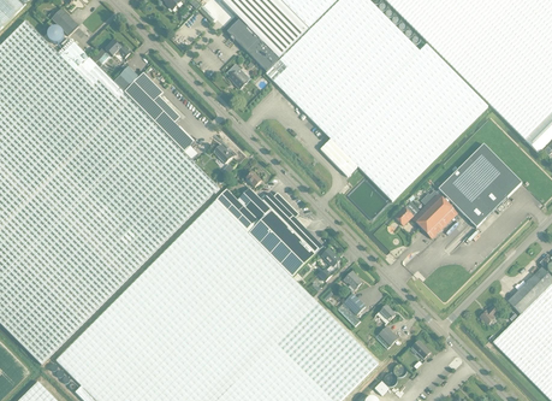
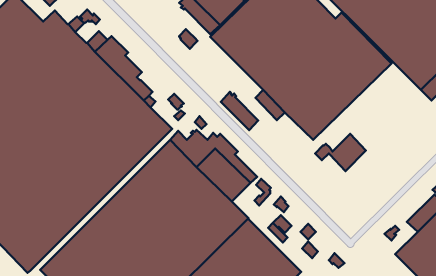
building: none -> [221,92,258,130]
building: [438,143,522,226] -> none

